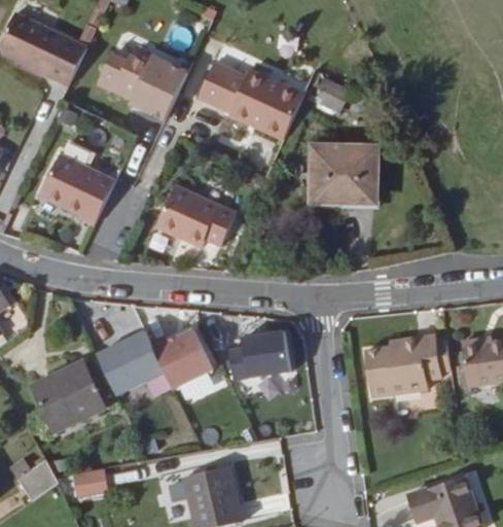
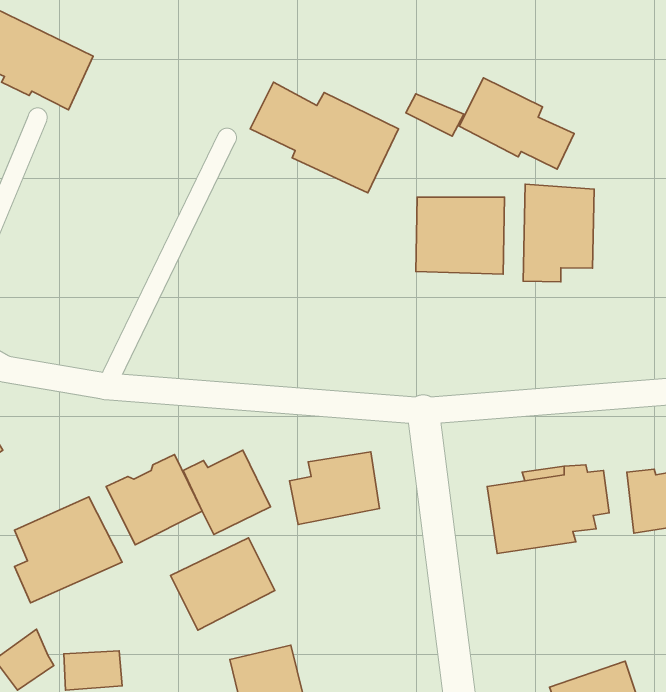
building: [98,56,187,121] -> none
building: none -> [459,78,574,169]
building: none -> [523,184,594,282]
building: [40,156,114,224] -> none
building: [157,186,235,245] -> none
building: none -> [170,538,275,630]

